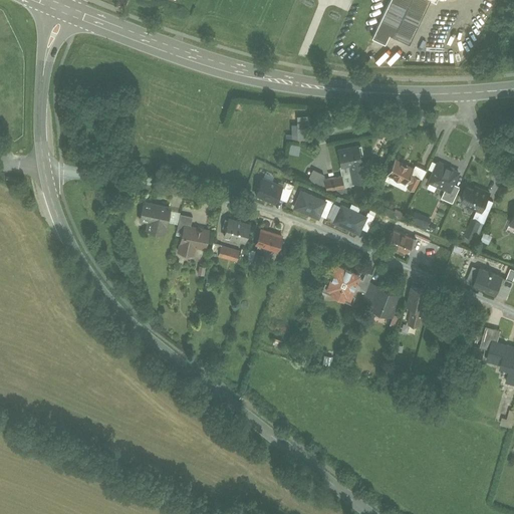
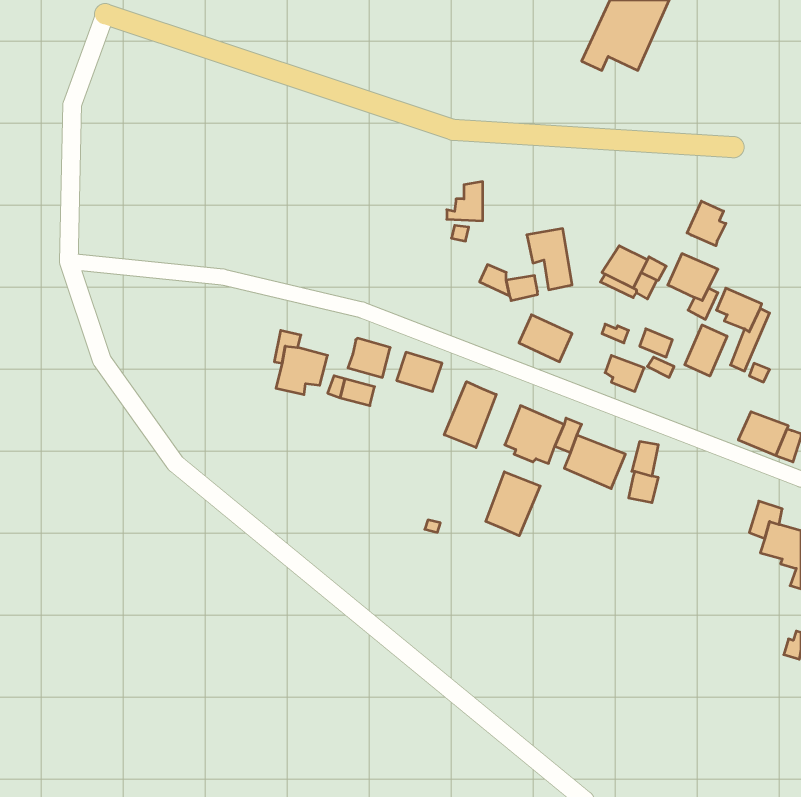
building: none -> [687,201,726,246]
building: [252,177,283,204] -> none
building: [293,191,325,220] -> none
building: [139,200,172,233] -> none
building: none -> [685,325,727,376]
building: none -> [444,382,496,448]
building: none -> [486,472,540,536]

